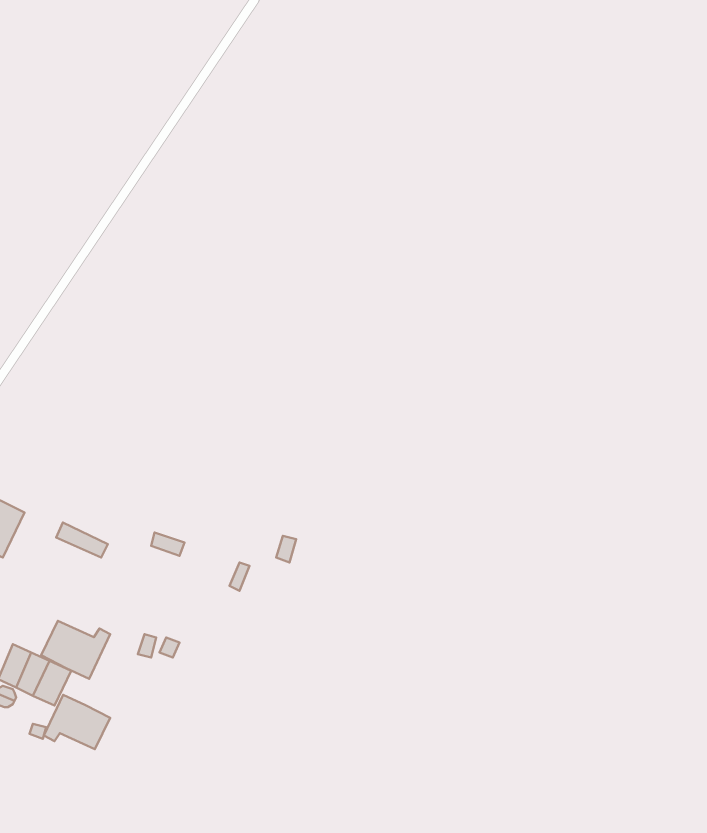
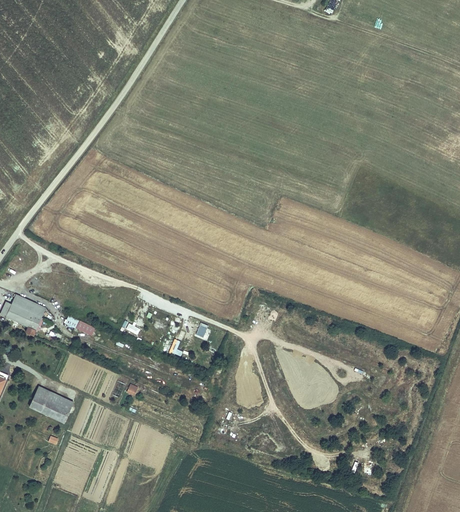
building: [41,621,110,679] -> none
building: [44,695,110,749] -> none

